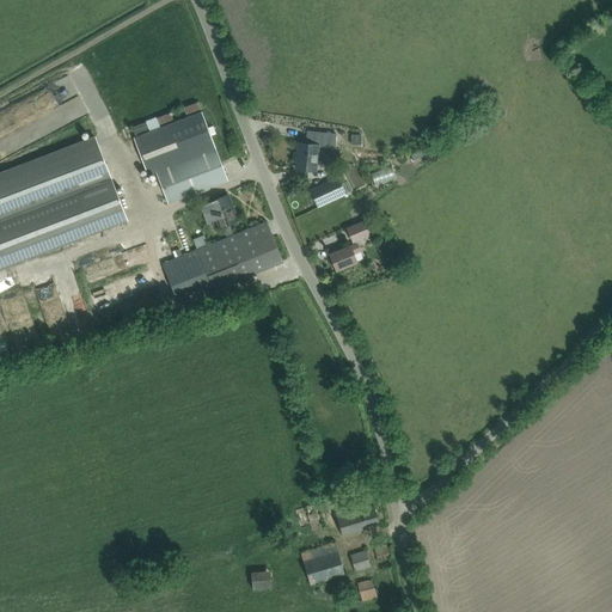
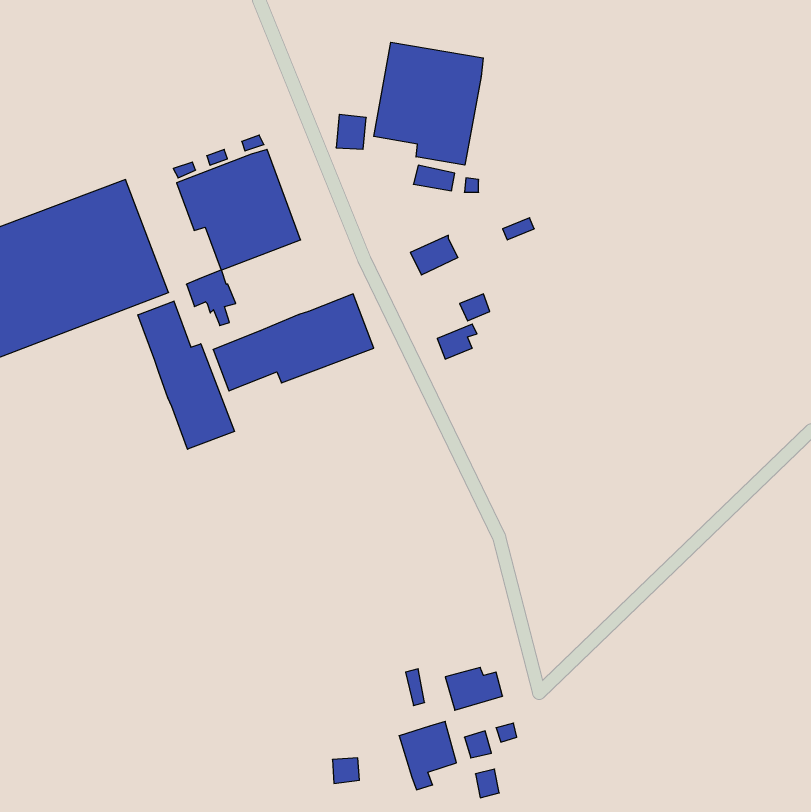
building: none -> [374,42,483,165]
building: [294,143,317,170] -> [336,114,366,149]
building: [200,195,237,237] -> [186,270,236,326]
building: none -> [138,301,235,449]

